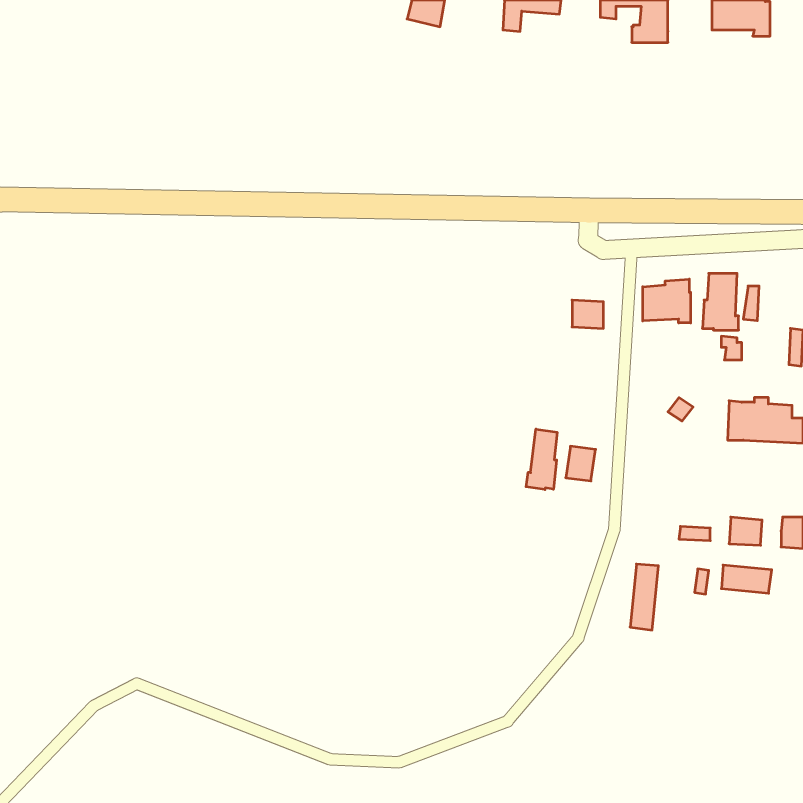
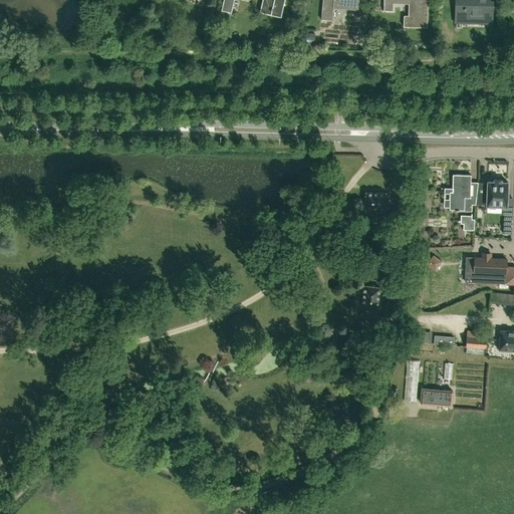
building: [643,279,691,323] -> none
building: none -> [486,179,508,207]
building: [526,429,557,490] -> none
building: [721,565,772,593] -> [421,388,453,406]

